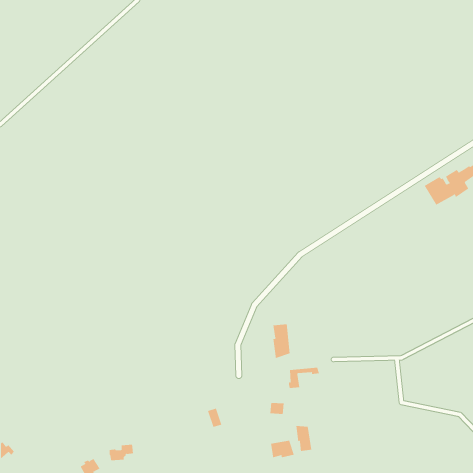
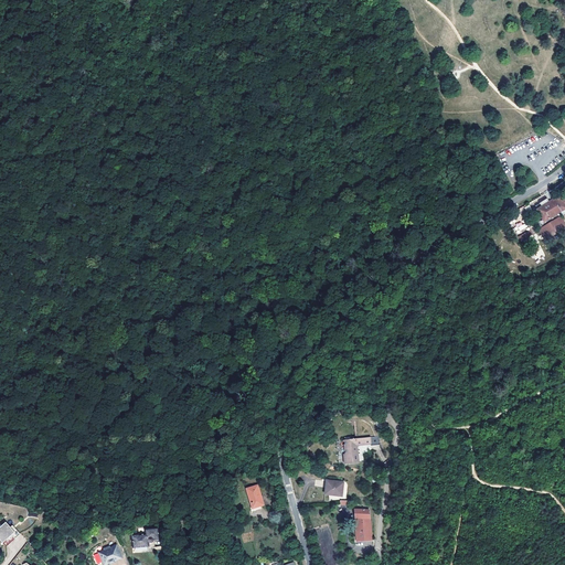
building: [273,324,290,359] -> none
building: [270,440,294,458] -> none

